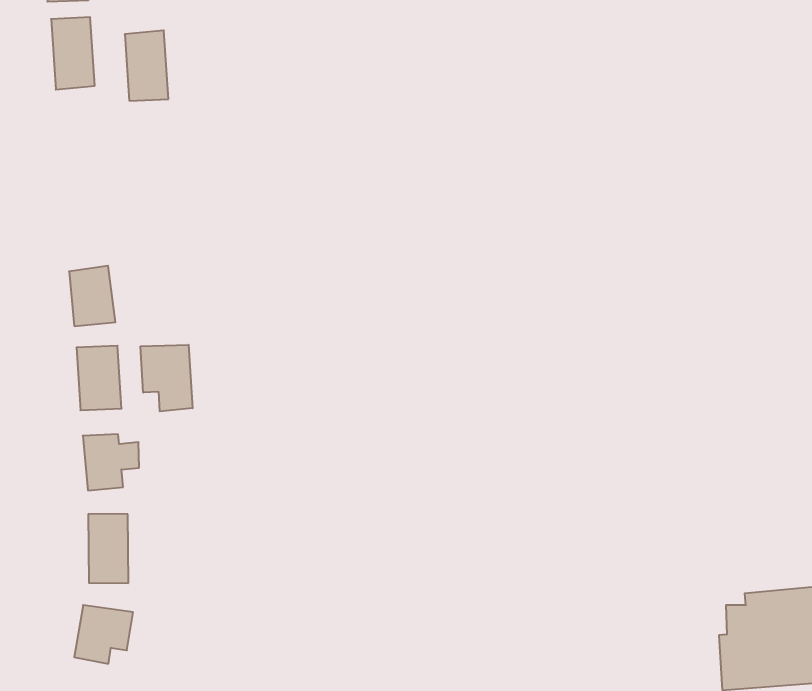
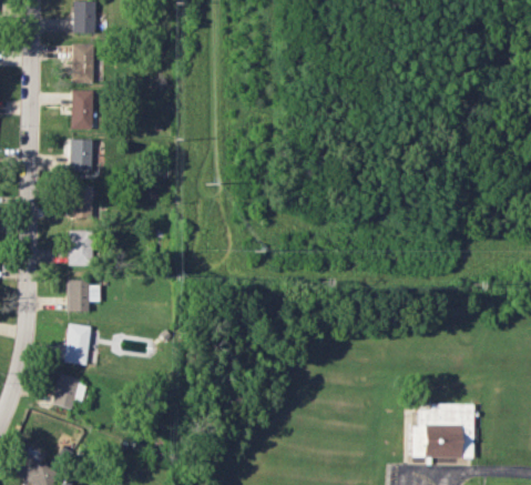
building: [125,30,168,101] -> [70,91,93,130]
building: none -> [69,140,91,172]
building: [141,345,193,411] -> none

